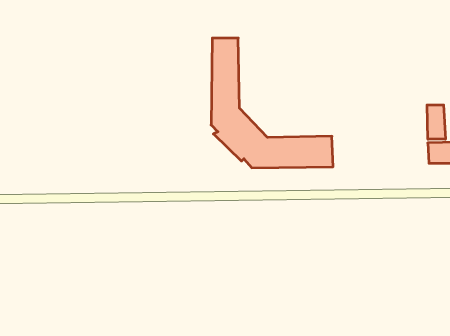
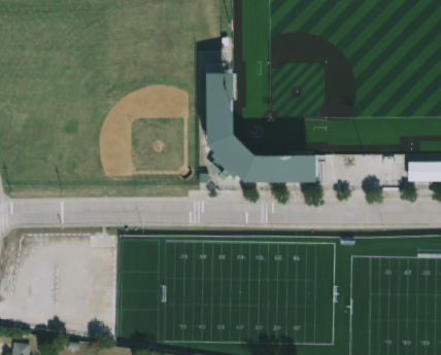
building: [427,105,445,139] -> none

